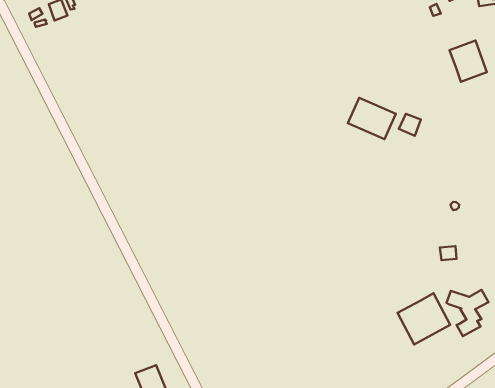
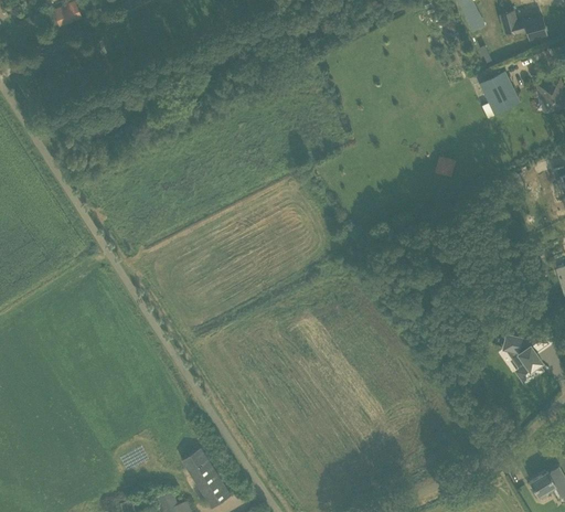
building: [348,98,396,139] -> none
building: [398,293,450,344] -> none

